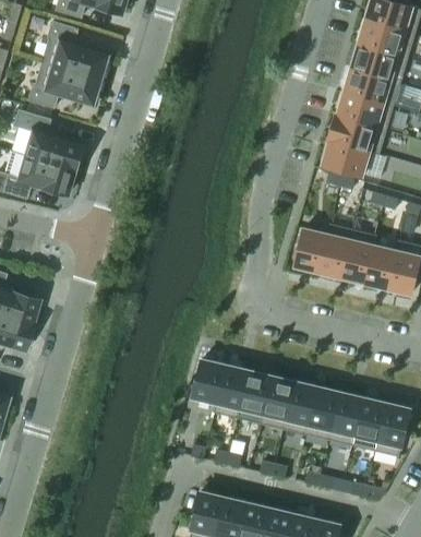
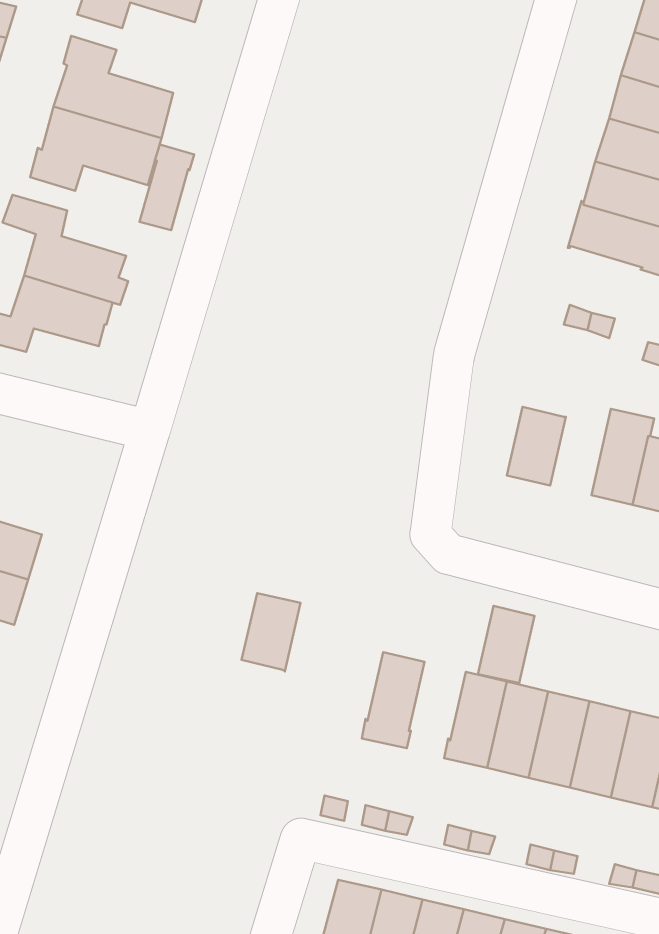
building: none -> [140,144,194,230]
building: [322,139,370,176] -> none
building: [318,224,352,277] -> none
building: [193,359,226,403] -> [241,593,300,672]
building: [240,370,272,414] -> [478,606,535,684]

